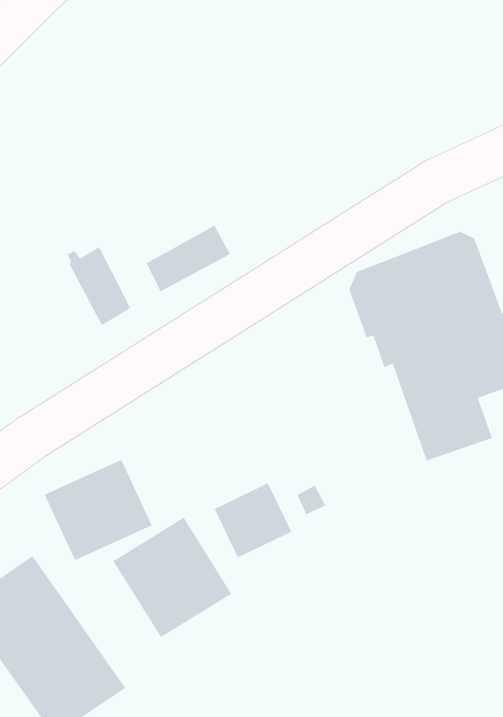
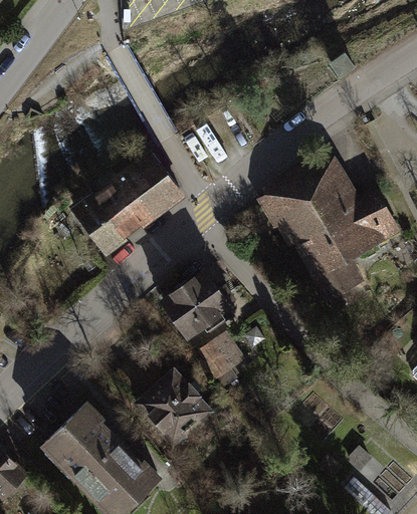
building: none -> [96,158,168,238]
building: [44,459,153,561] -> [160,274,232,343]

